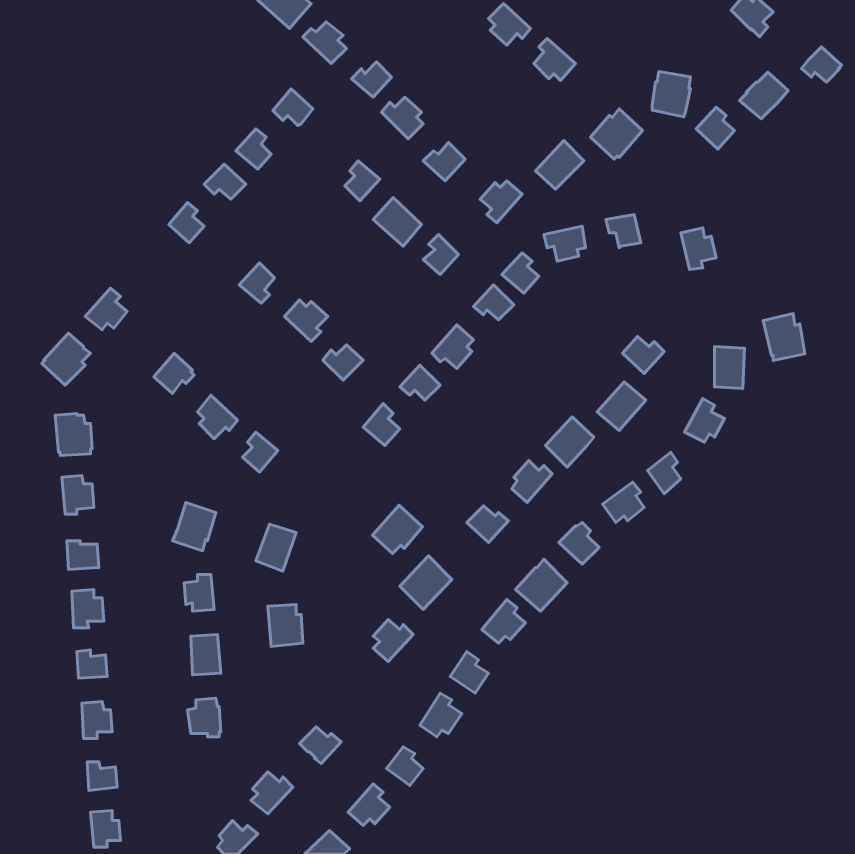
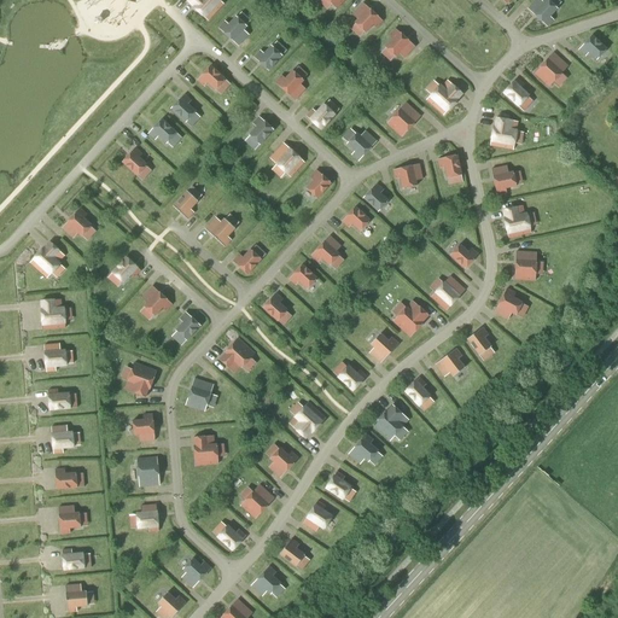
building: [652,72,691,117] -> [490,117,518,150]
building: [763,314,805,361] -> [501,204,531,238]
building: [372,505,423,554] -> [218,337,255,372]
building: none -> [241,484,274,519]

